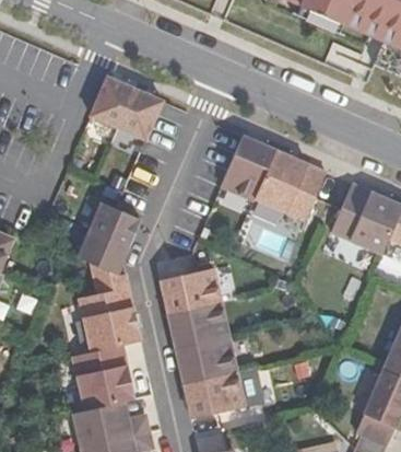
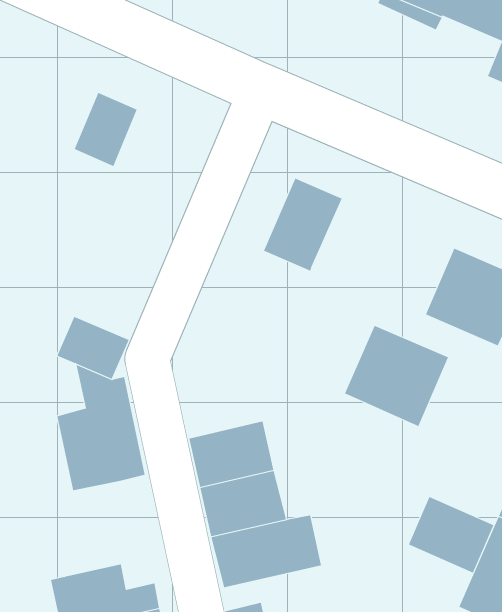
building: [118,89,163,140] -> none
building: [255,150,327,220] -> [344,325,449,427]
building: [91,202,141,247] -> none
building: [161,269,221,315] -> none
building: [72,345,134,410] -> none
building: none -> [408,496,494,573]

